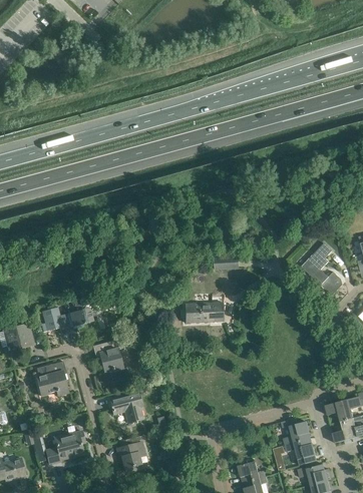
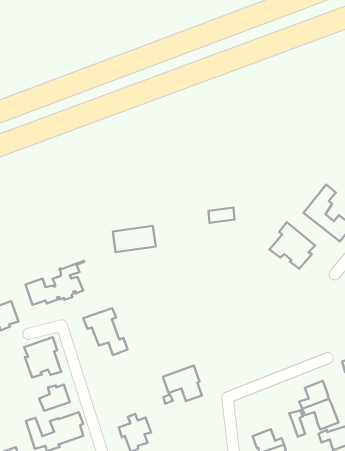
building: none -> [270,222,315,269]
building: [185,302,223,323] -> [113,226,156,252]
building: [109,391,143,423] -> [163,365,202,401]
building: none -> [39,385,70,411]

